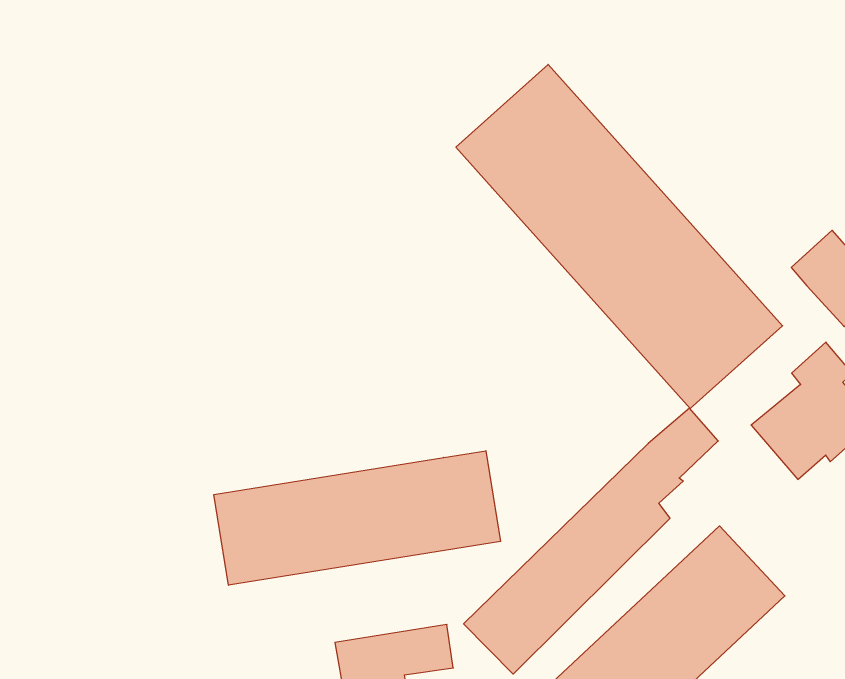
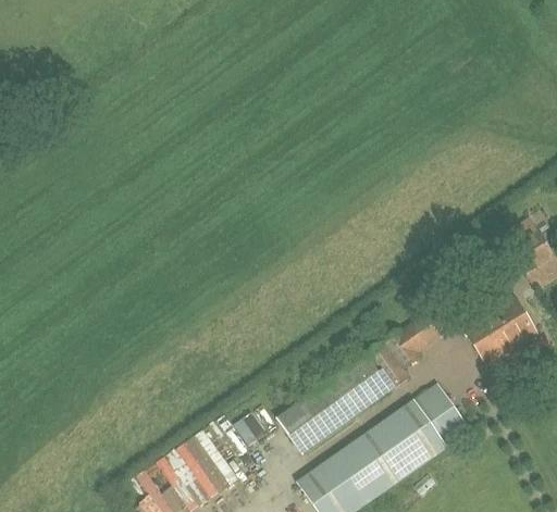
building: [456,64,783,409] -> none
building: [214,451,501,585] -> none

